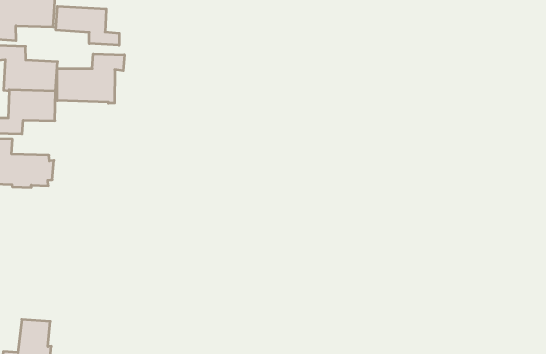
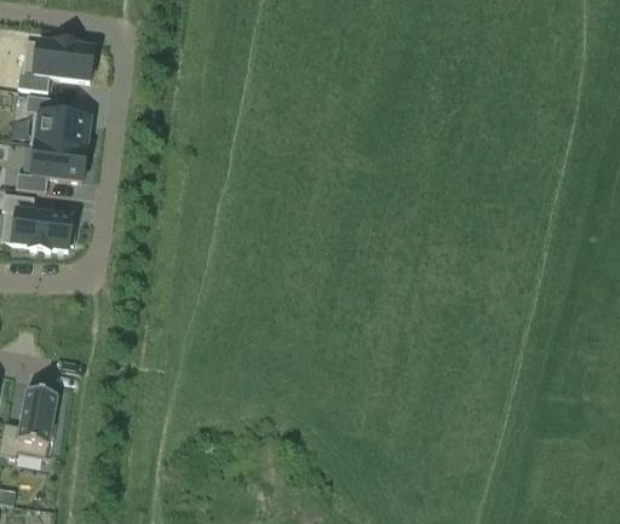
building: [56,6,119,45] -> none
building: [57,54,124,103] -> none

